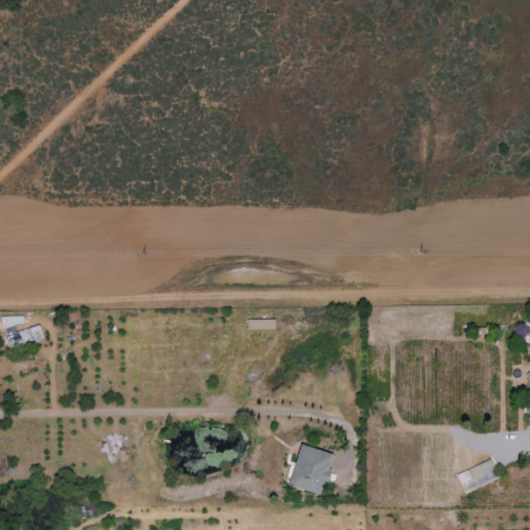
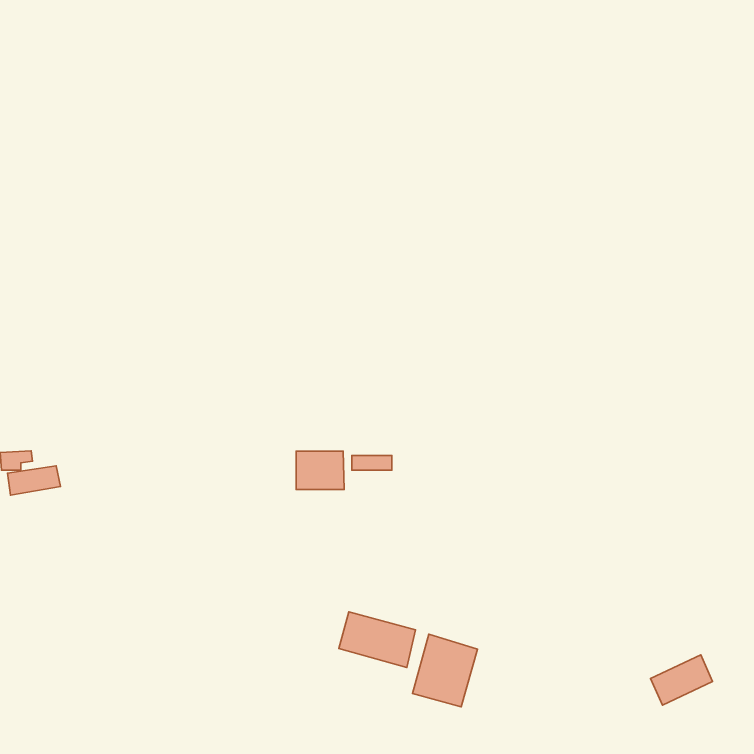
building: none -> [296,451,344,490]
building: none -> [339,612,415,667]

